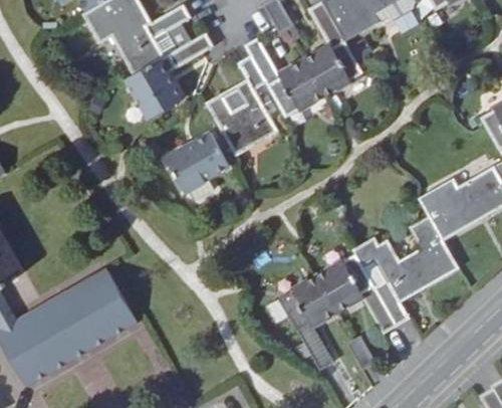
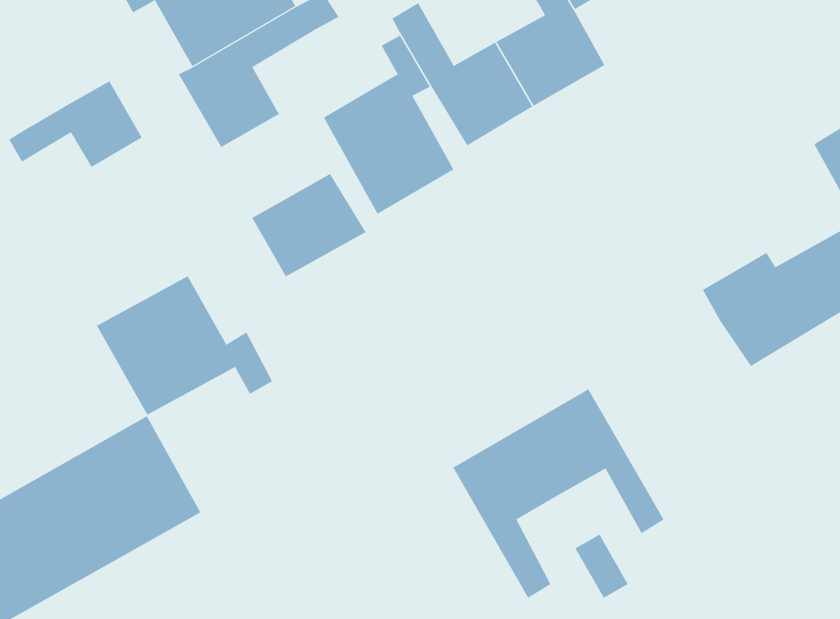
building: none -> [8,81,143,168]
building: none -> [96,275,273,415]
building: [352,216,460,327] -> none

